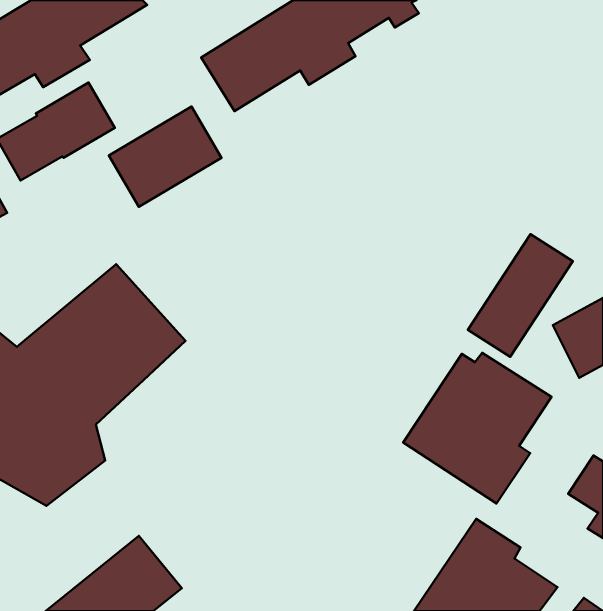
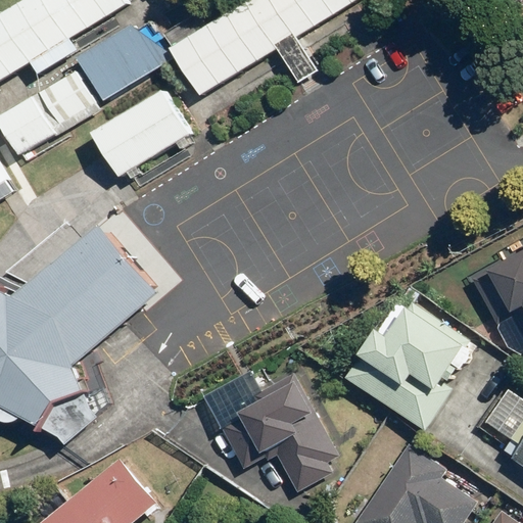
building: none -> [76,25,175,101]
building: [468,234,573,357] -> none
building: none -> [219,372,338,492]

